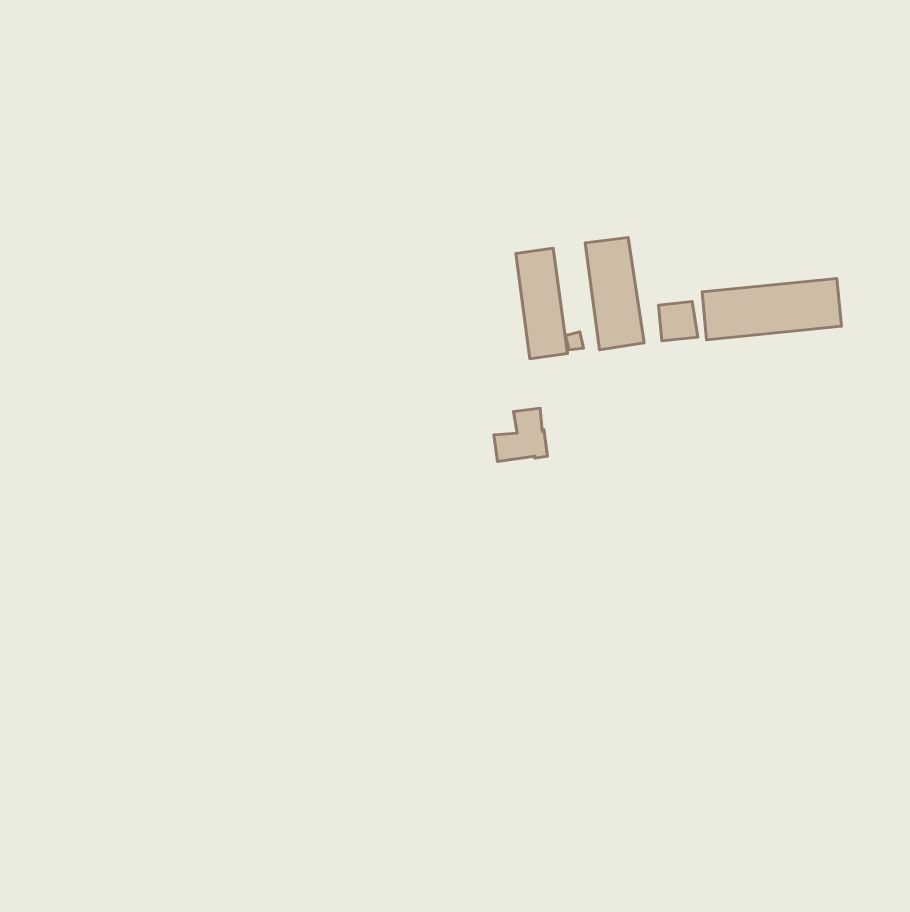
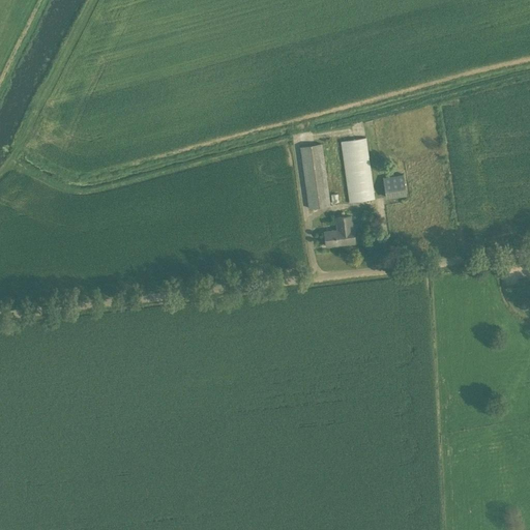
building: [702,278,841,340] -> none
building: [494,408,547,462] -> [323,215,354,246]

